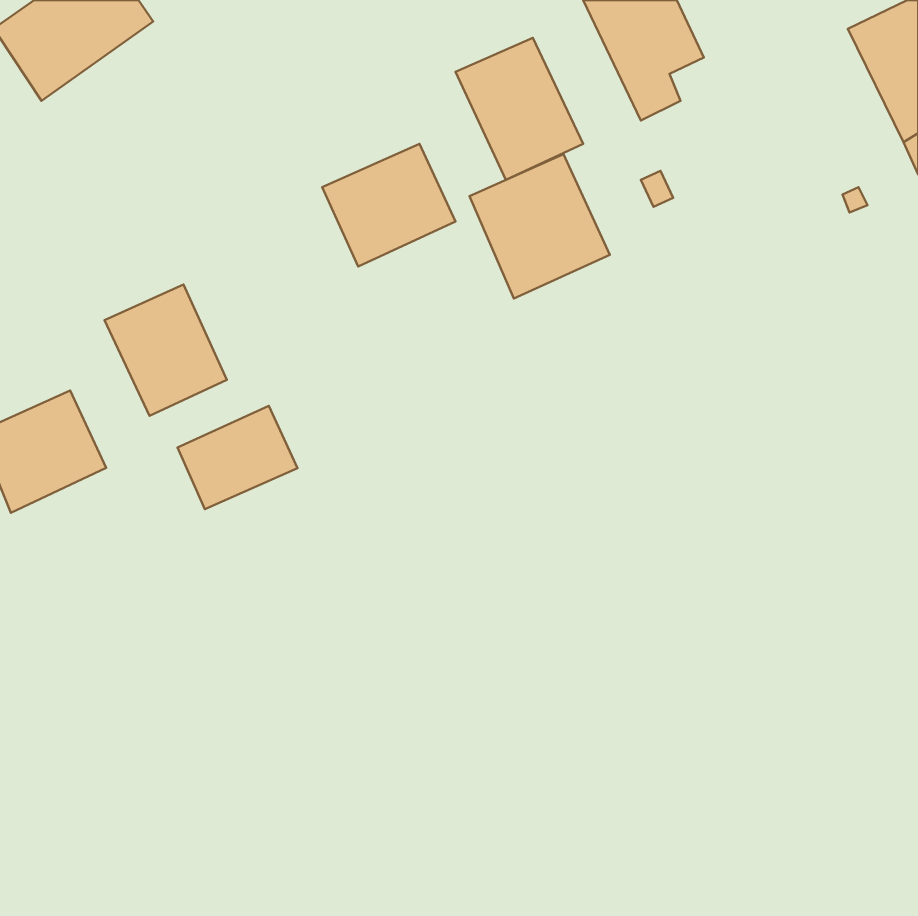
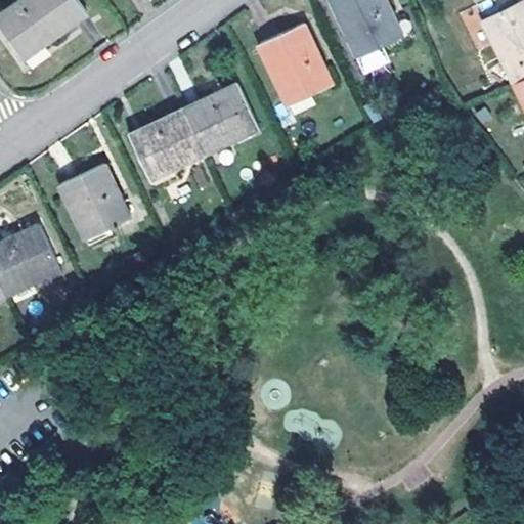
building: [469,154,610,298] -> none
building: none -> [130,108,204,178]
building: [178,406,297,509] -> none

